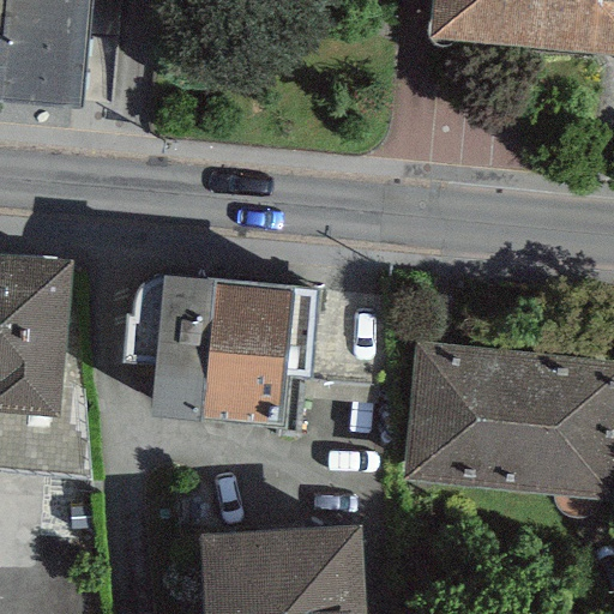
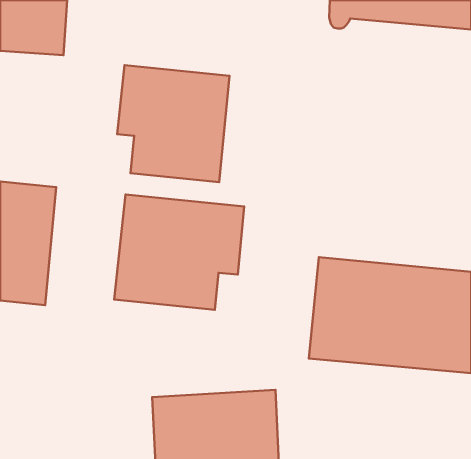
building: none -> [117,65,230,182]

